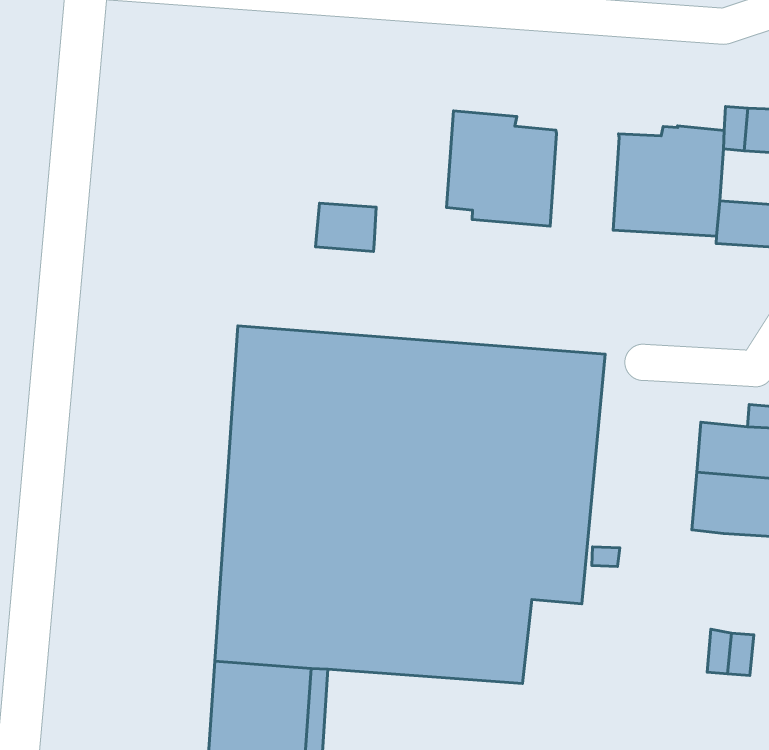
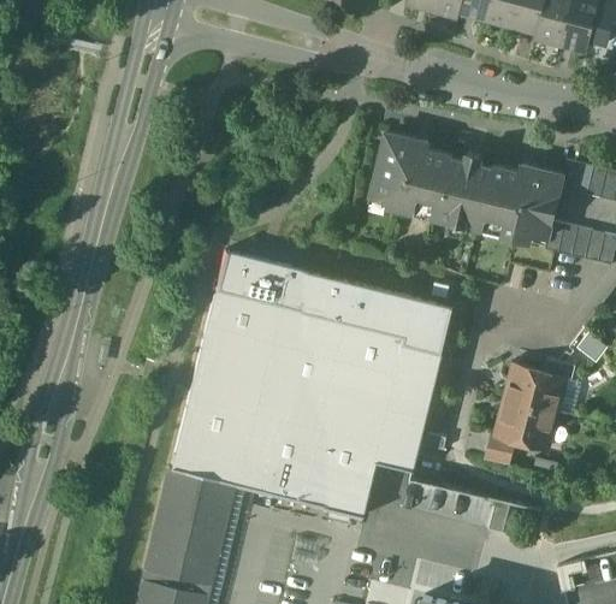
building: none -> [437,154,492,229]
building: [315,203,376,252] -> none
building: none -> [484,433,516,466]

